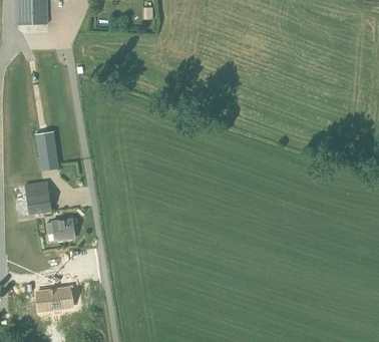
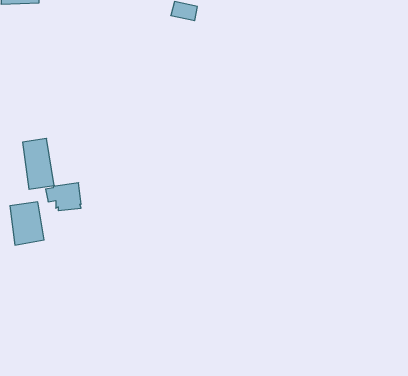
building: [46,218,74,240] -> [46,183,81,211]
building: [43,292,69,311] -> none

